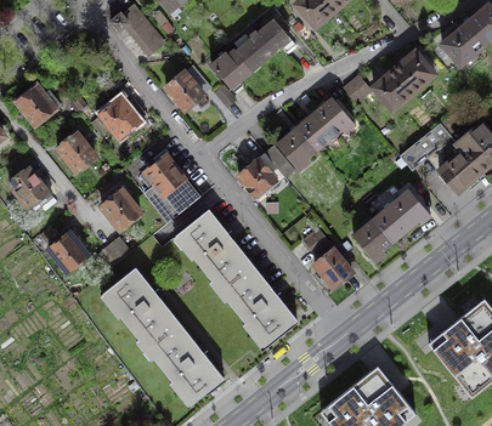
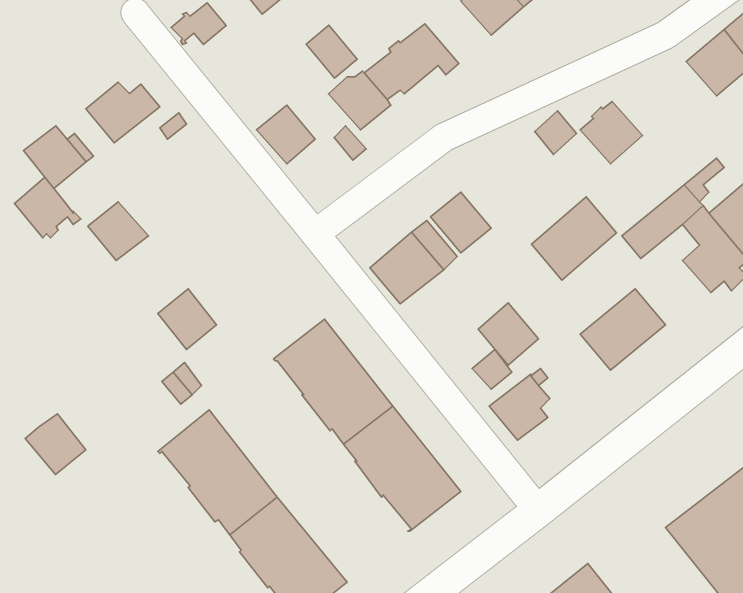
building: [131,21,164,55] -> [306,25,357,78]
building: [394,51,435,91] -> none
building: [296,97,351,150] -> [531,197,617,280]
building: [100,98,147,137] -> [86,82,160,143]
building: [140,154,199,222] -> none
building: [10,167,52,206] -> [14,177,81,238]
building: [354,218,392,259] -> [478,303,539,365]
building: [49,232,87,271] -> [25,414,86,474]

